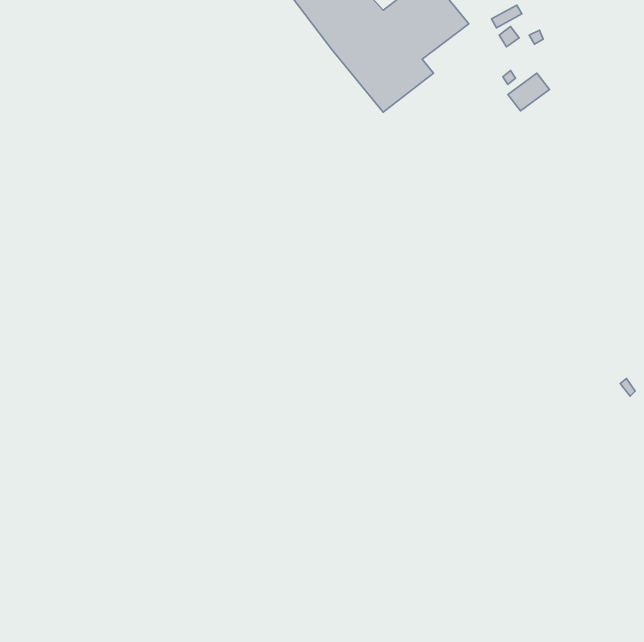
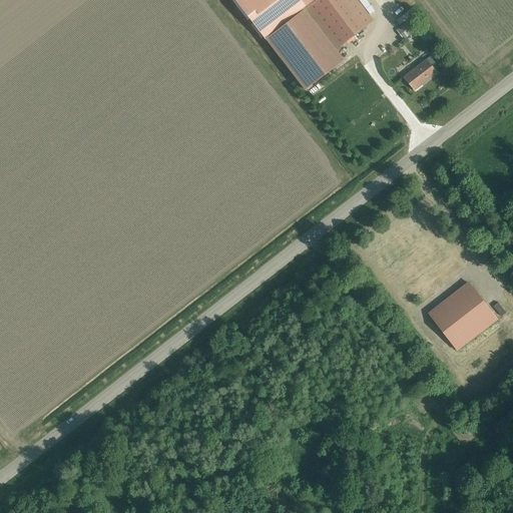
building: none -> [429,281,497,348]

